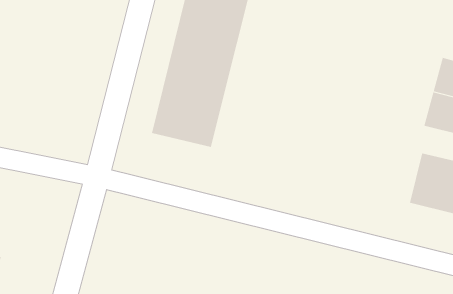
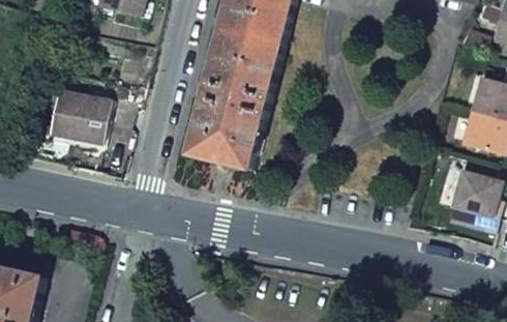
building: none -> [51,87,111,141]

